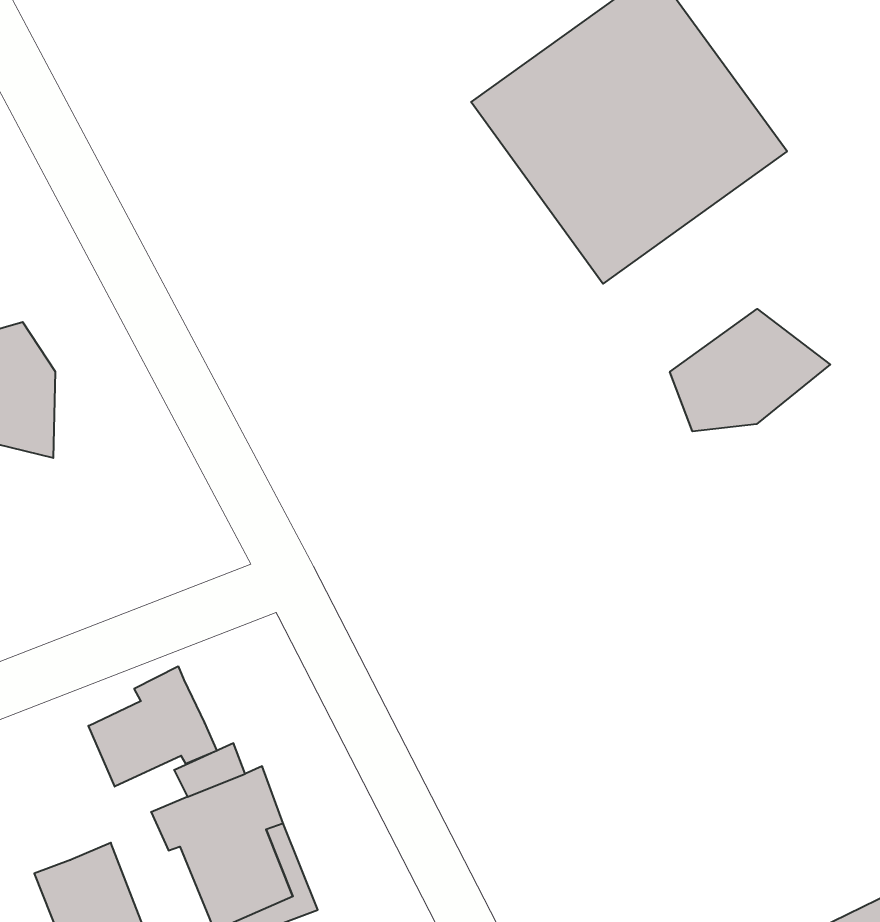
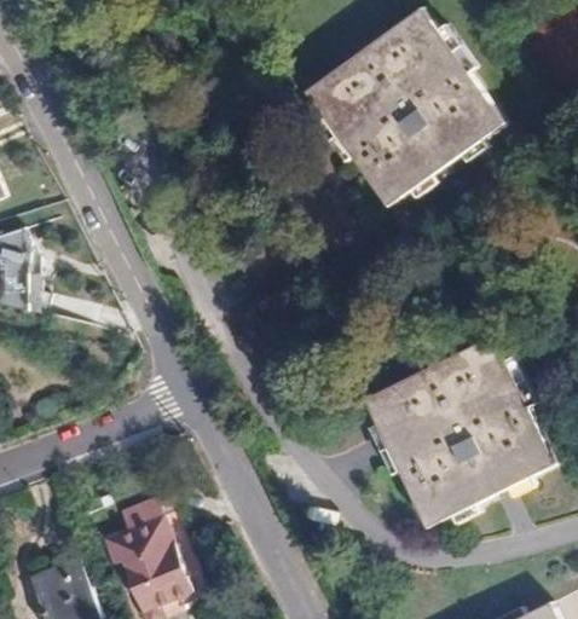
building: [670,309,830,431] -> none
building: none -> [362,335,555,527]
building: [88,666,217,787] -> none

